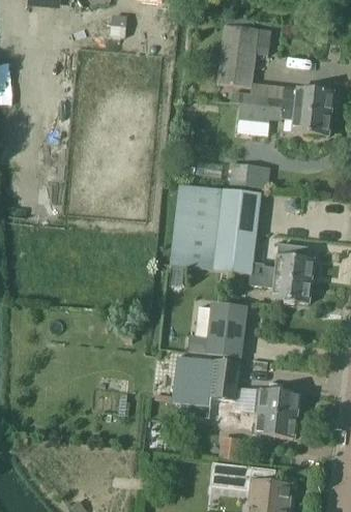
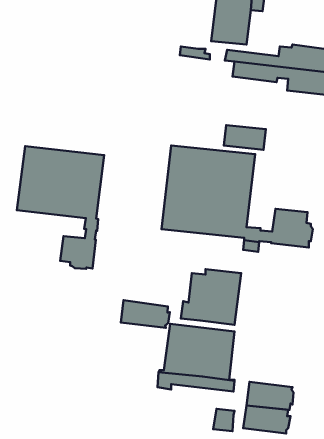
building: none -> [17,146,104,269]
building: [273,277,313,302] -> none
building: none -> [121,300,170,328]
building: [255,389,300,416] -> [243,406,290,433]

